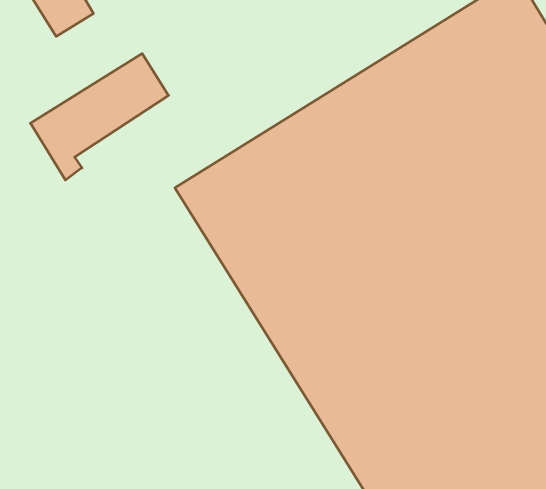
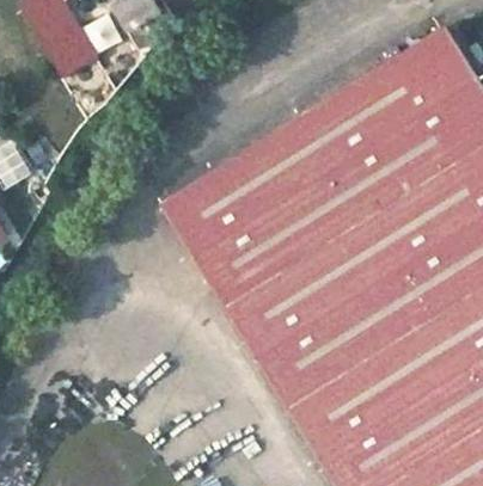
building: [30,54,169,180] -> none

